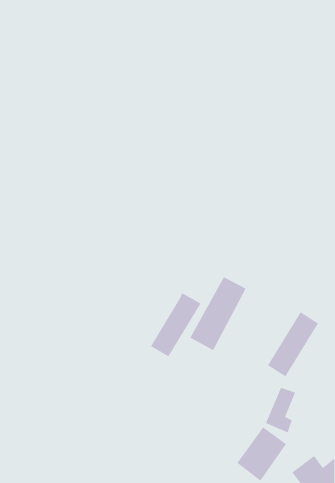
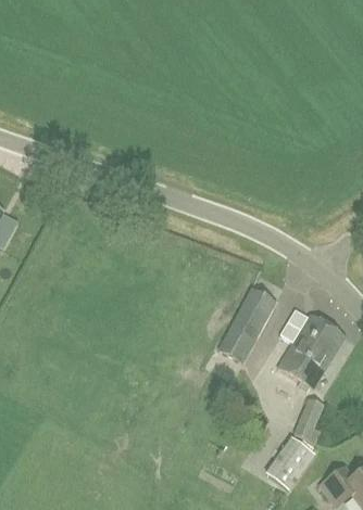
building: [150,292,202,357] -> [276,311,327,375]

